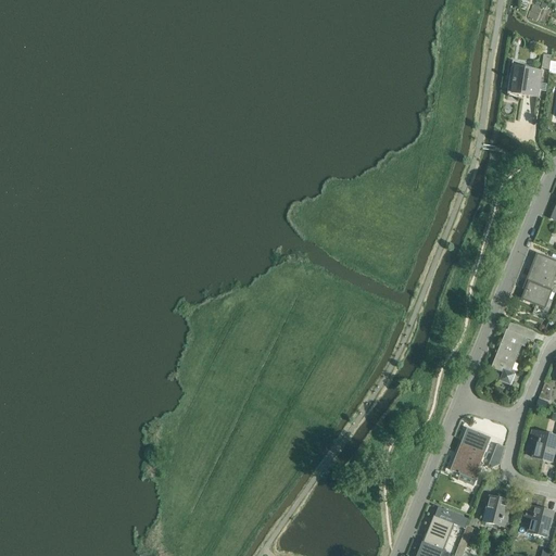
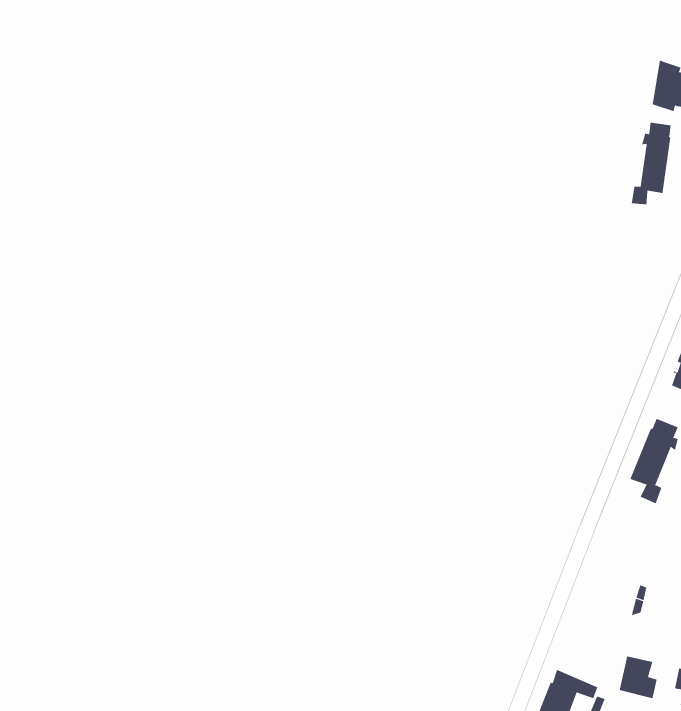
building: none -> [631,122,671,205]
building: [450,428,490,479] -> none

